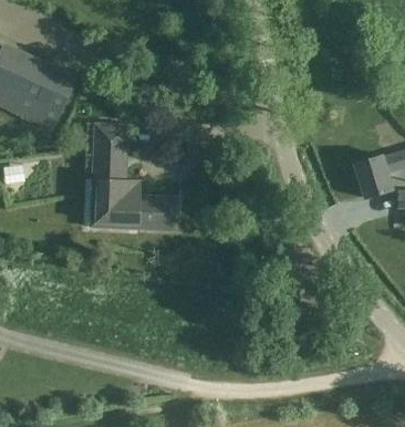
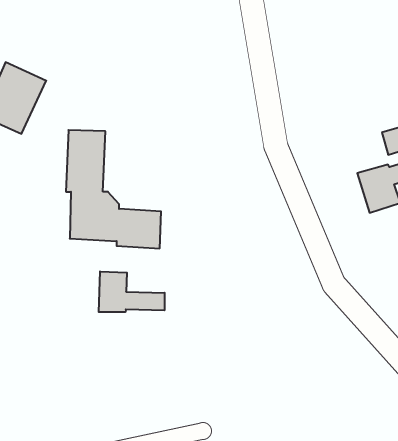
building: none -> [99,271,165,312]

